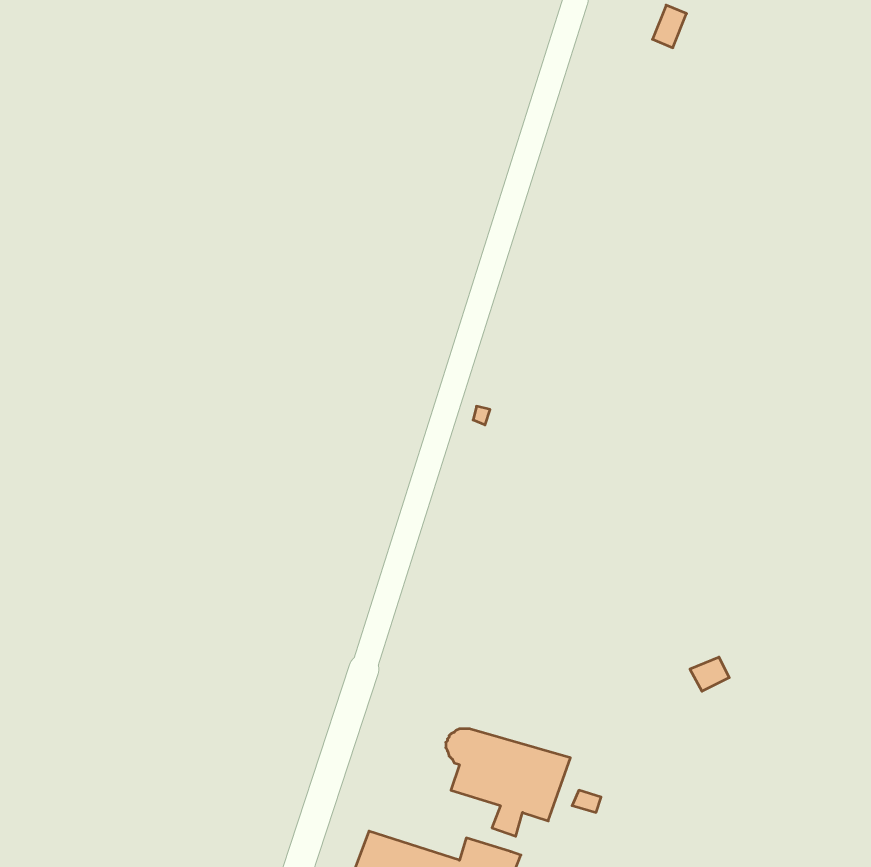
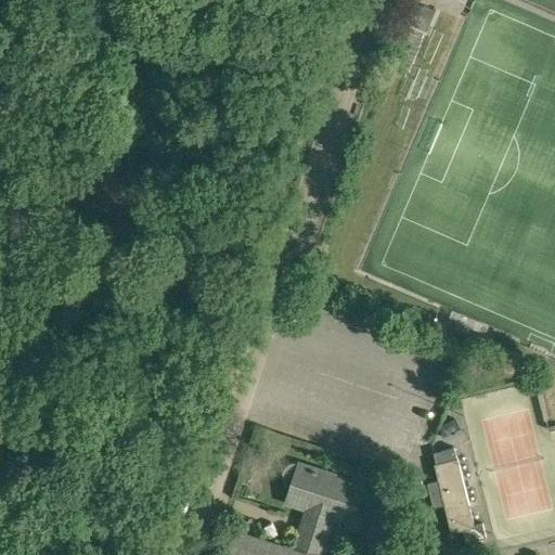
building: none -> [428,449,487,544]

